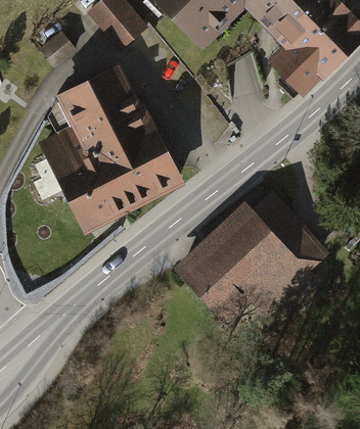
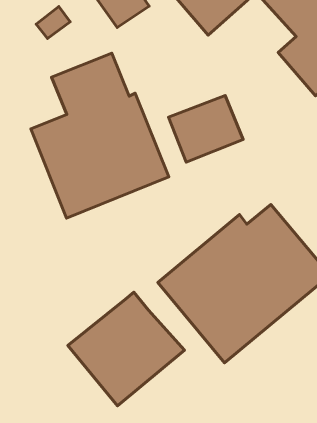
building: none -> [169,96,243,162]
building: none -> [68,292,184,406]

